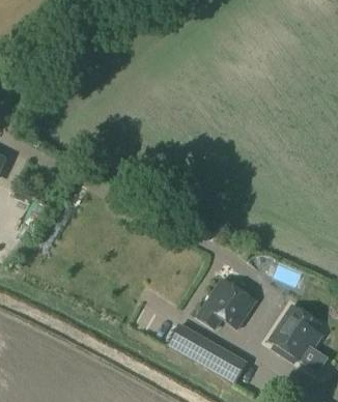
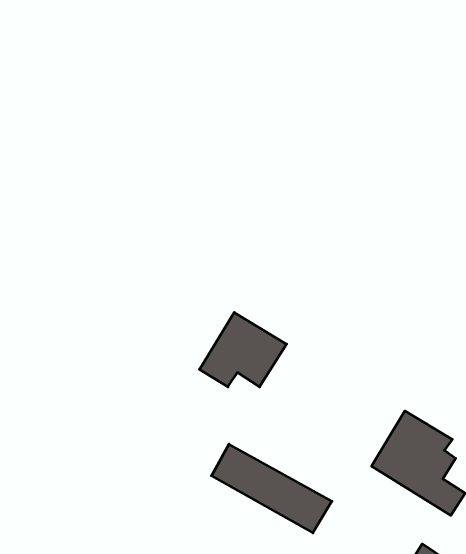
building: [199,279,256,327] -> [199,312,287,387]

